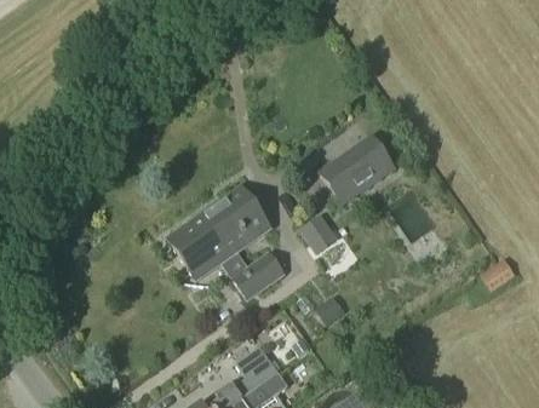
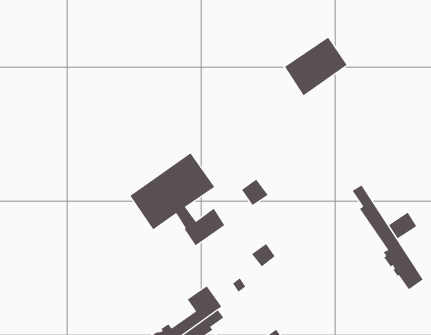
building: [319,133,395,205] -> [284,37,347,96]
building: none -> [352,184,424,290]

